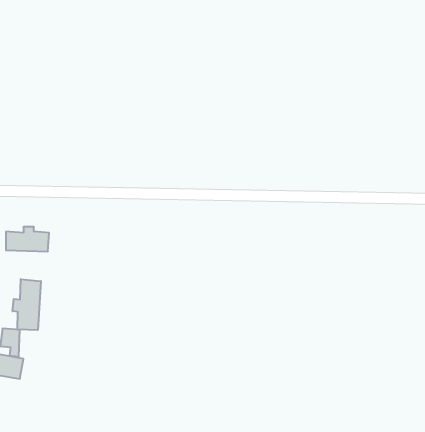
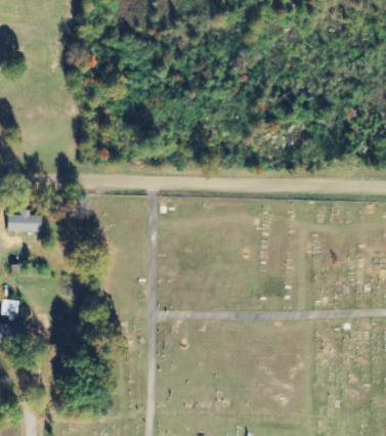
building: [13,279,41,330] -> none

